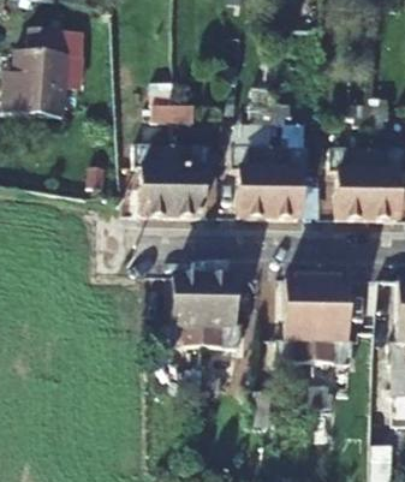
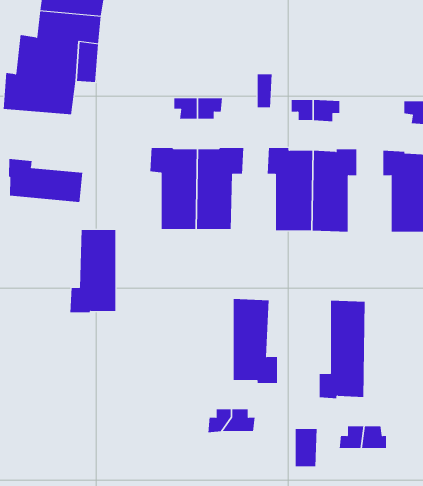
building: none -> [8,158,83,203]
building: [162,276,202,347] -> [69,229,116,313]
building: [314,279,352,363] -> none

